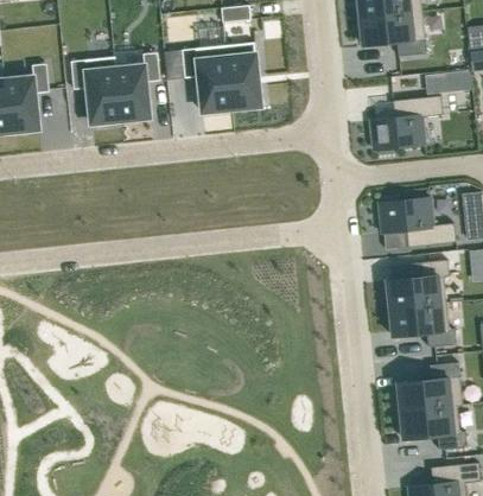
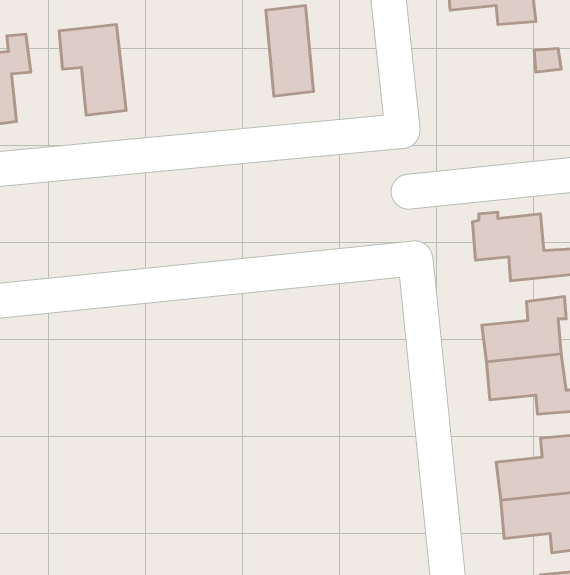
building: [180,46,230,113] -> none
building: [113,52,159,121] -> none
building: [369,96,443,154] -> none

